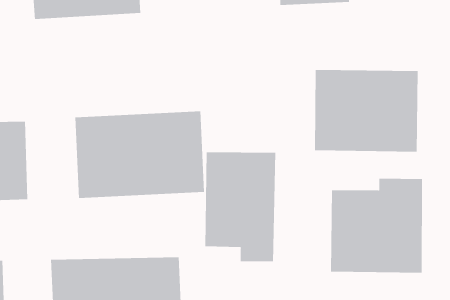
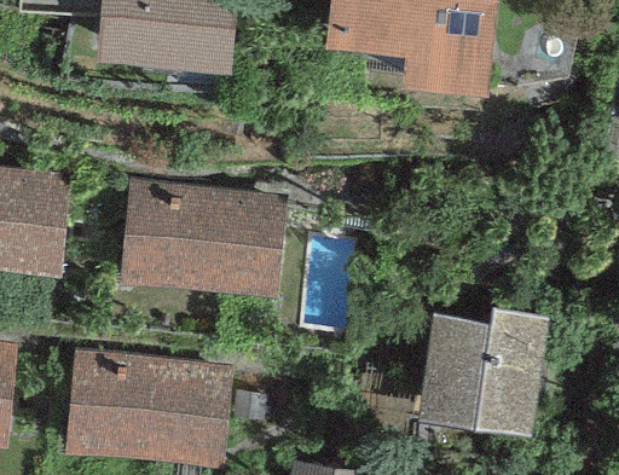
building: [314,69,418,152] -> none
building: [205,151,276,262] -> none

